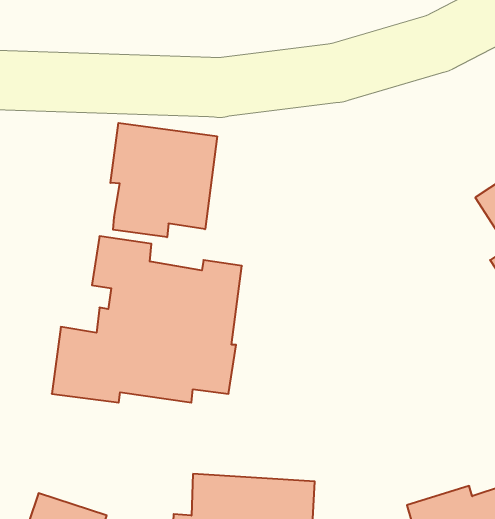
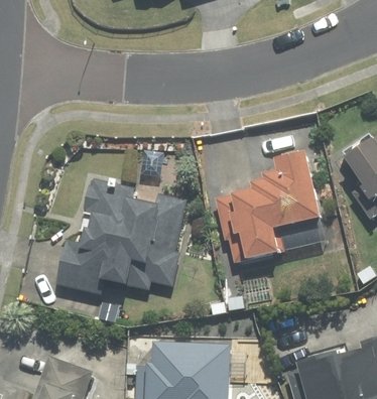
building: [110,123,217,237] -> none
building: none -> [212,150,326,266]

